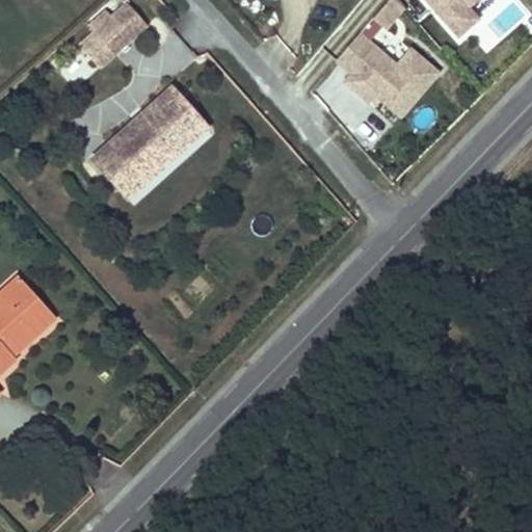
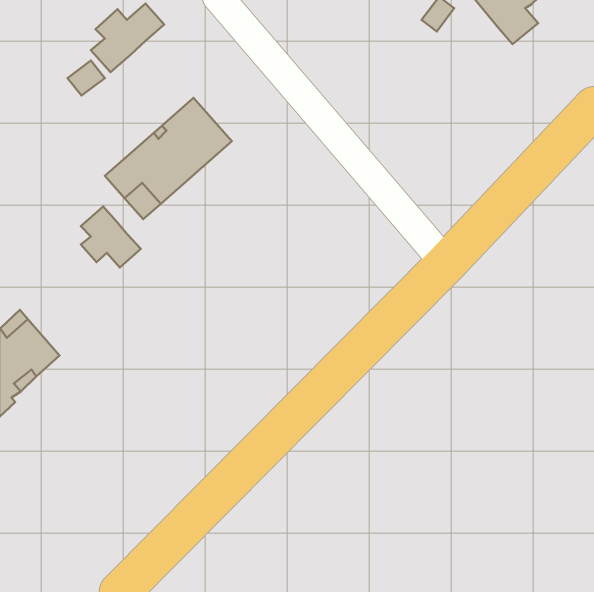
building: [339,34,441,121] -> none
building: none -> [81,207,141,267]

